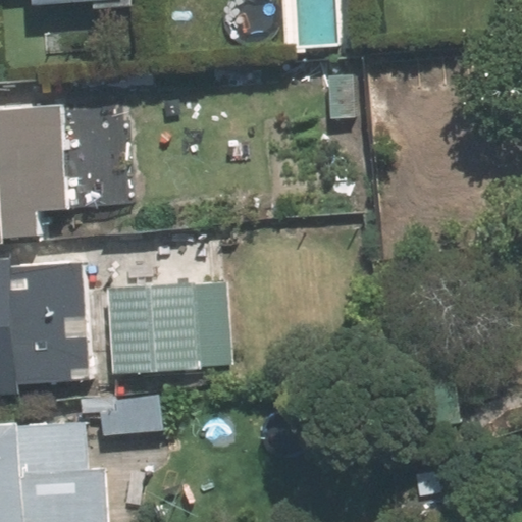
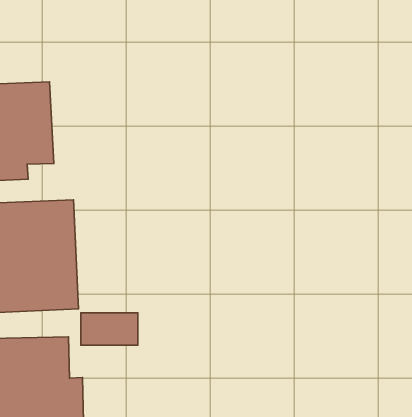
building: [106,242,228,377] -> none

